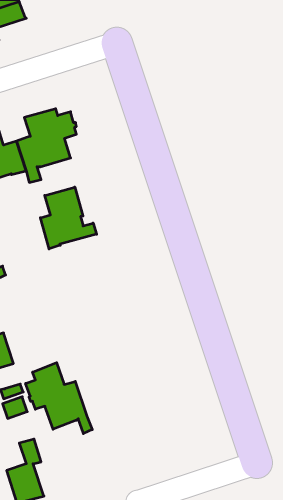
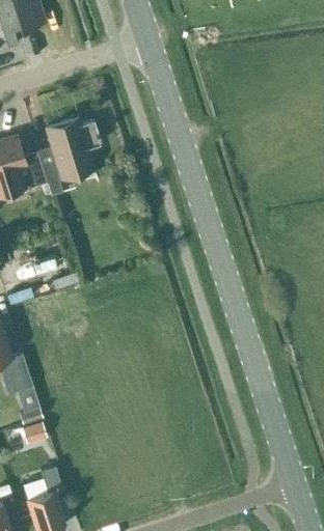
building: [40,187,97,249] -> none
building: [26,363,92,434] -> none

